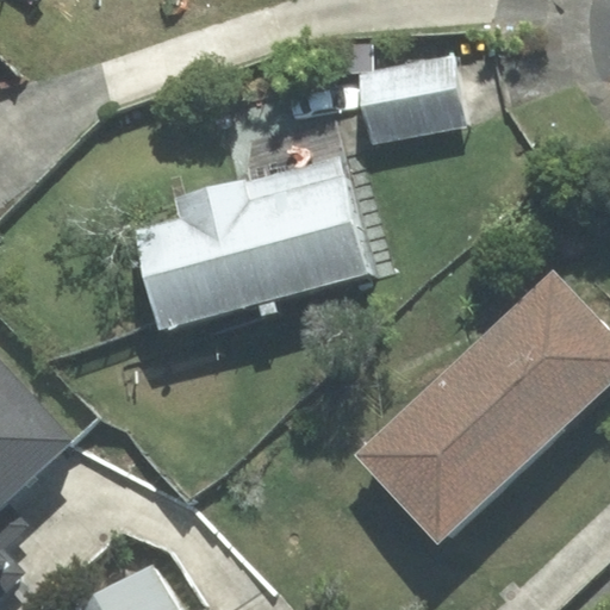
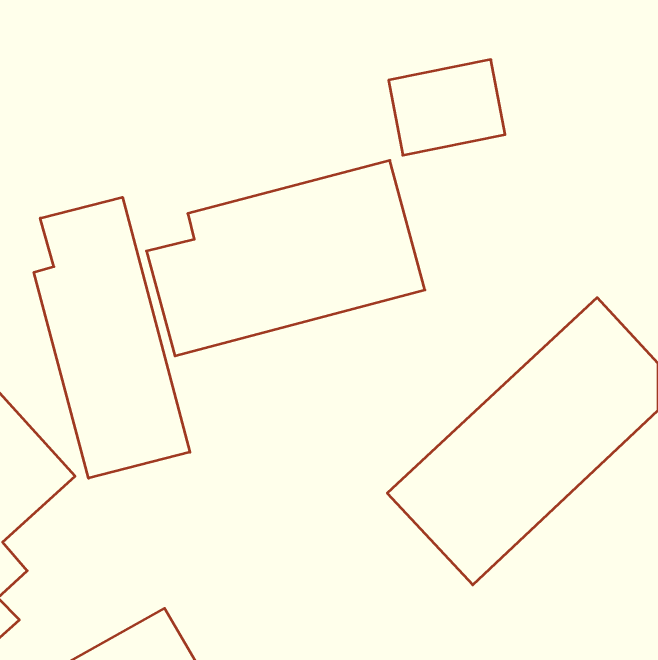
building: none -> [34,197,190,478]

